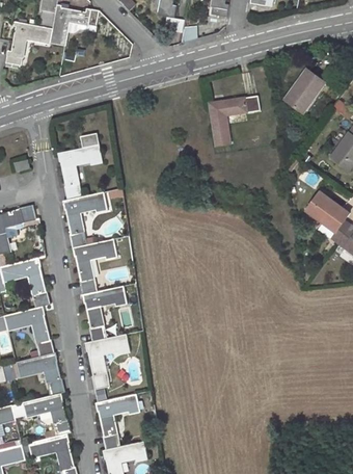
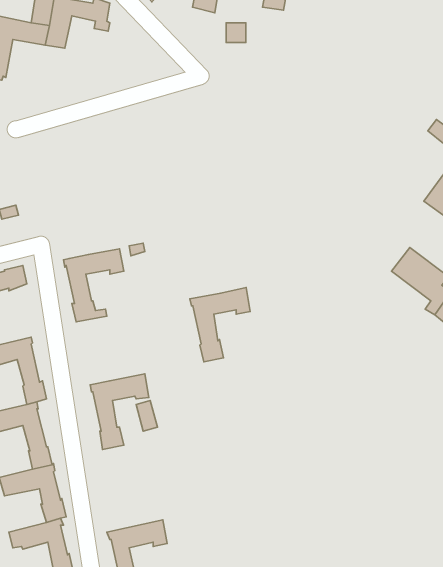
building: [284,70,324,113] -> none
building: [208,96,259,147] -> none
building: [57,134,102,201] -> none
building: [72,239,116,294] -> [190,288,250,362]
building: [84,335,129,390] -> none

